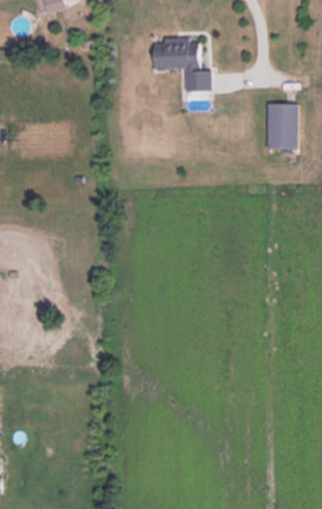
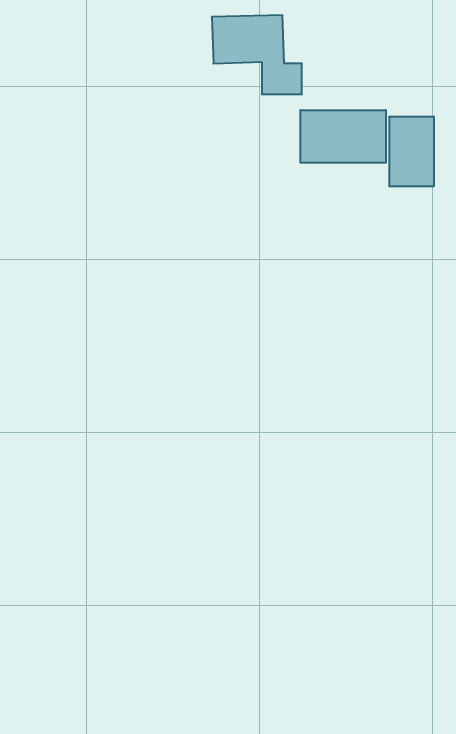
building: none -> [300,110,386,163]

